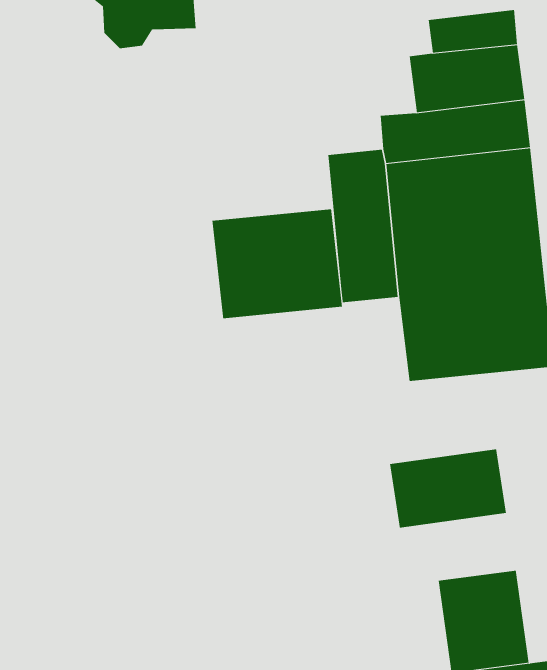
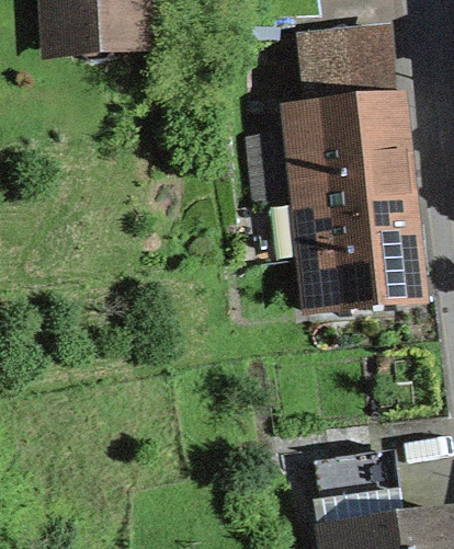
building: [212,208,342,319] -> none
building: [389,448,507,529] -> none

